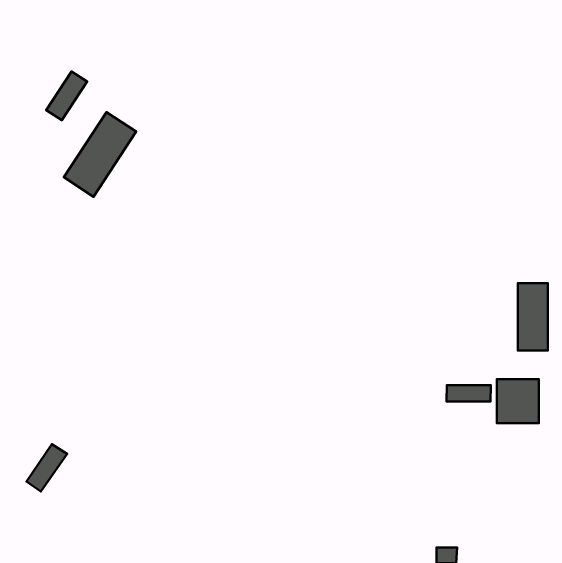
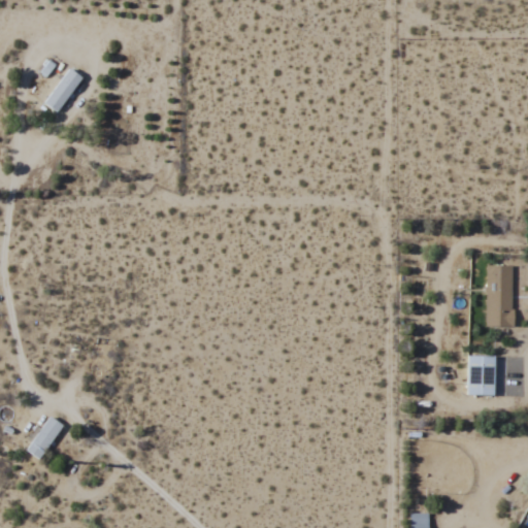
building: [64,112,136,197] -> none
building: [447,385,491,402] -> none

